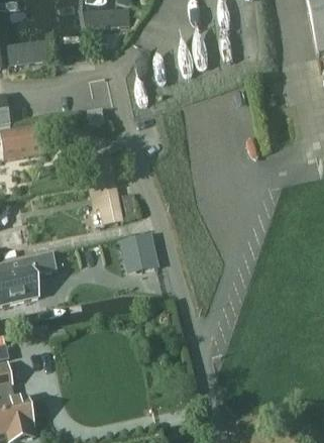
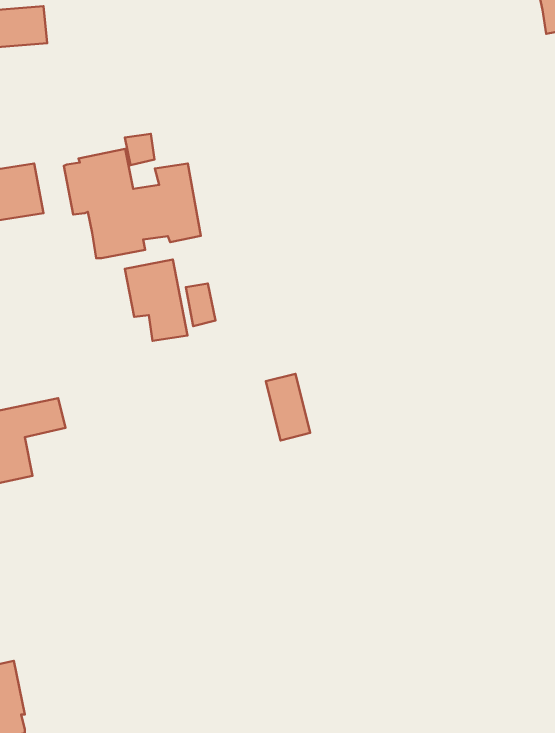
building: none -> [64,149,201,258]
building: [132,234,156,270] -> [266,374,310,440]

